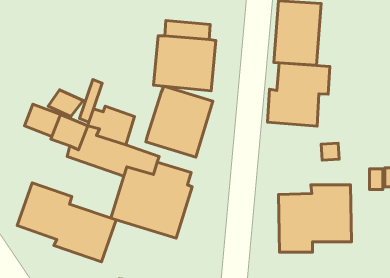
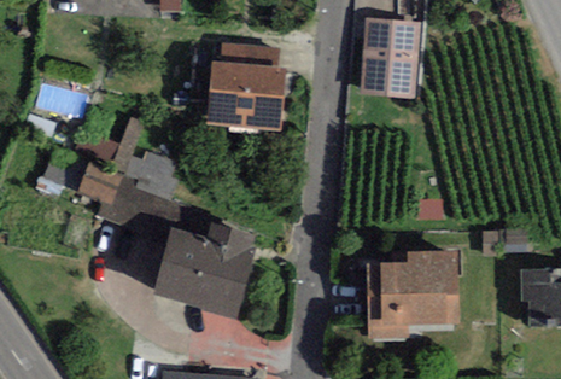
building: [267,63,330,126] -> none
building: [146,86,213,157] -> none
building: [17,183,116,262] -> none

